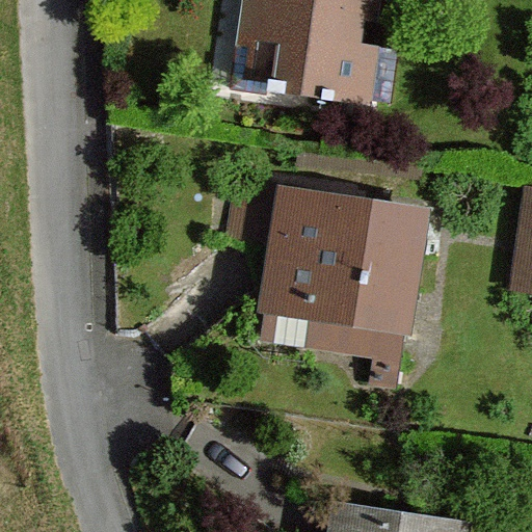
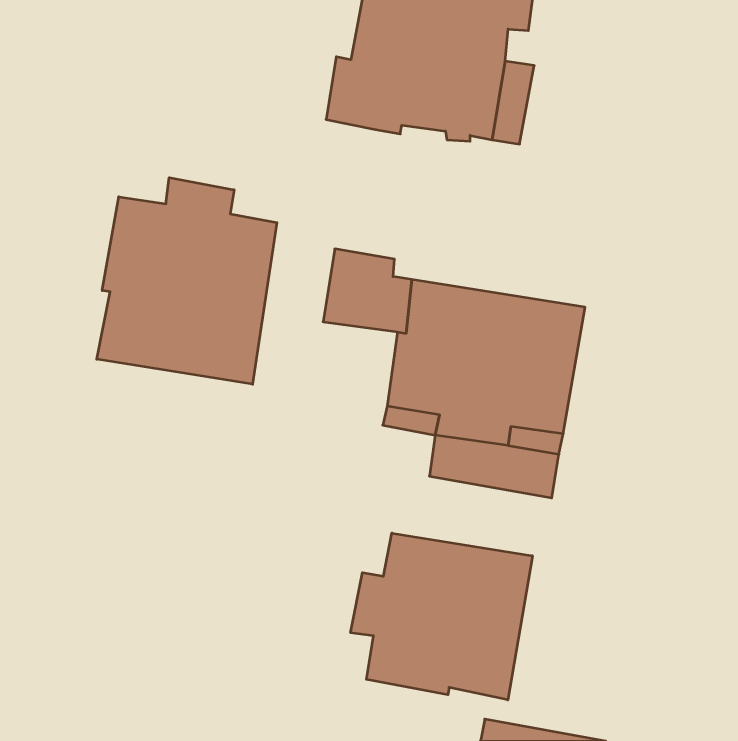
building: none -> [97,178,277,384]
building: none -> [351,533,532,700]

